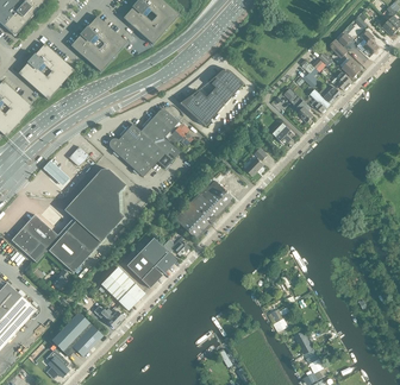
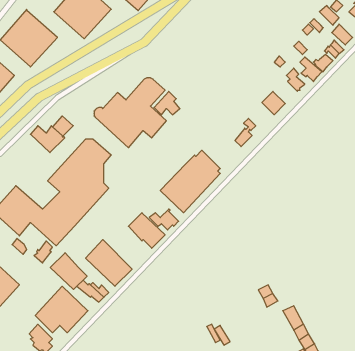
building: [177,68,243,125] -> none
building: [127,252,163,288] -> [50,253,87,289]

